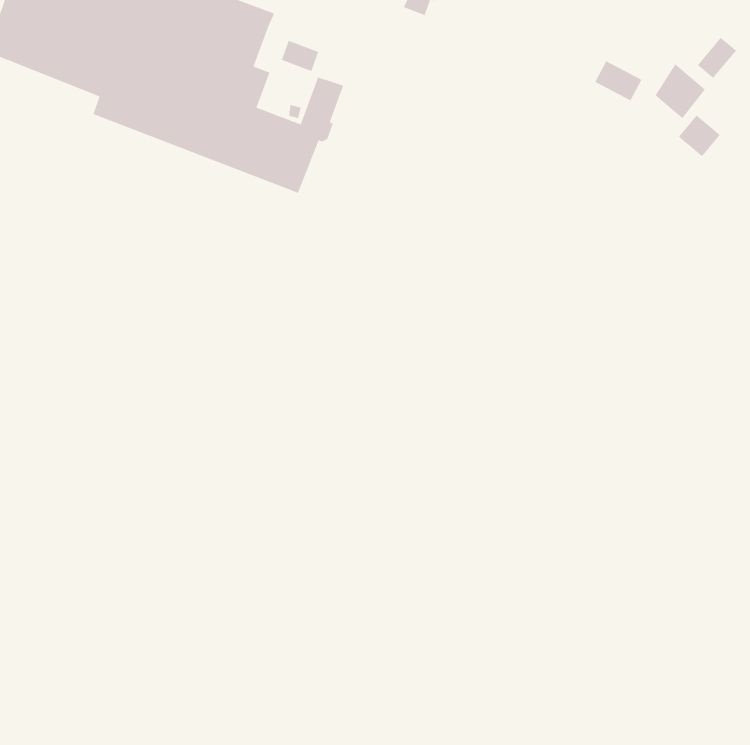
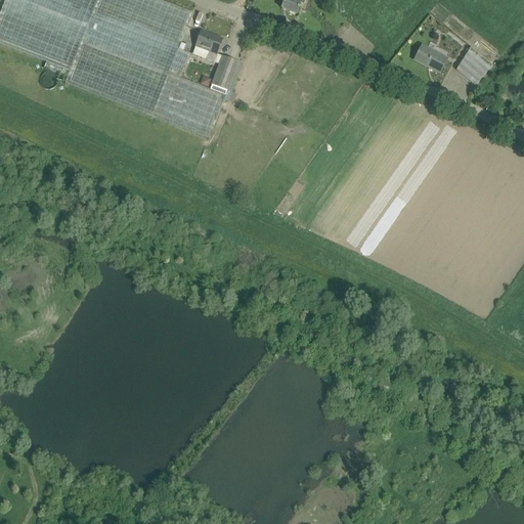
building: [697,37,737,79] -> none
building: [678,114,721,157] -> none

